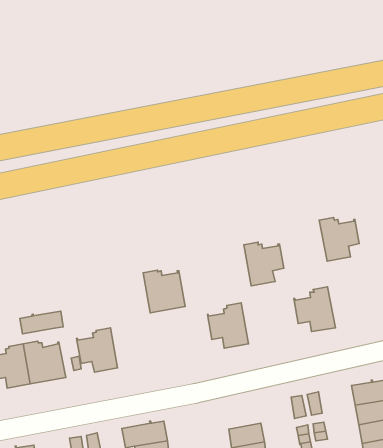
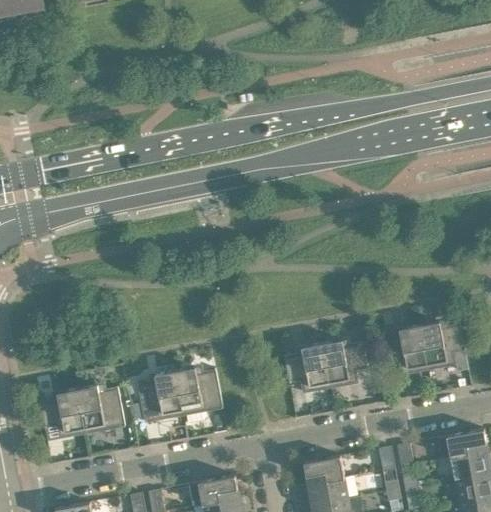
building: [319,218,359,261] -> [419,321,464,370]
building: [244,242,284,286] -> [322,339,367,388]
building: [143,270,185,313] -> [175,367,222,415]
building: [20,311,63,334] -> none
building: none -> [303,455,344,484]

